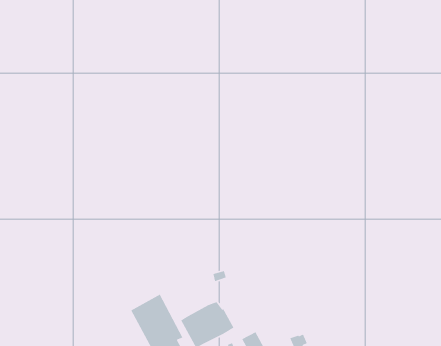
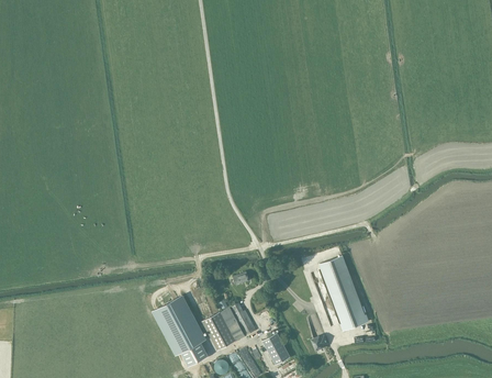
building: none -> [320,256,369,331]

